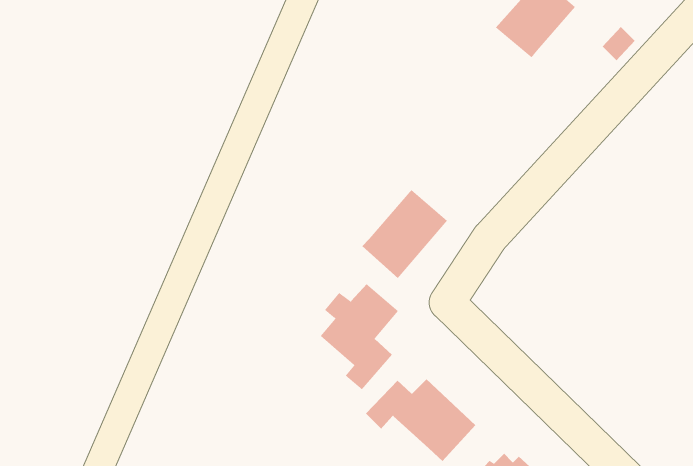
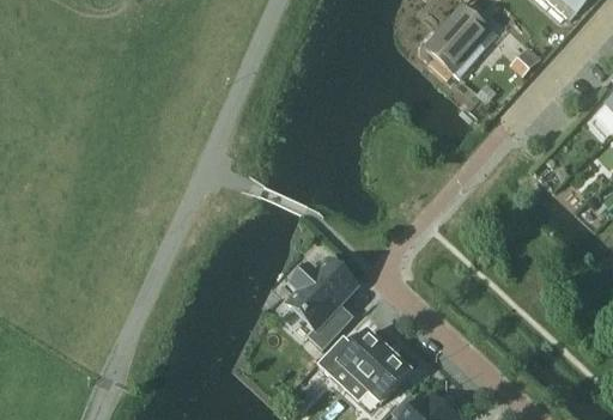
building: [361,189,448,279] -> none

